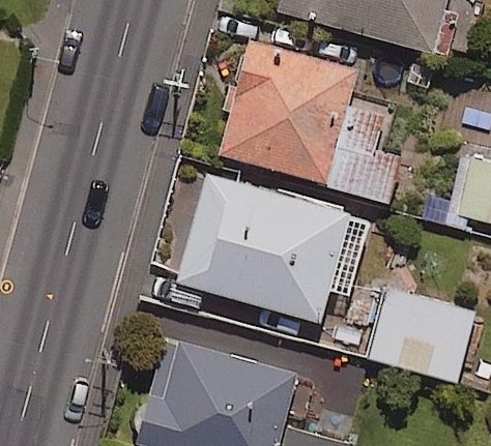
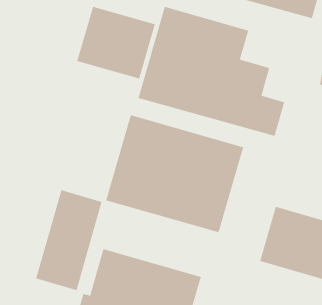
building: none -> [76,6,156,80]
building: none -> [35,189,103,291]

